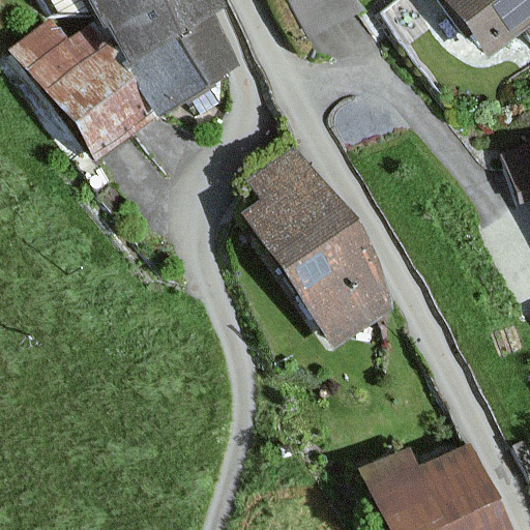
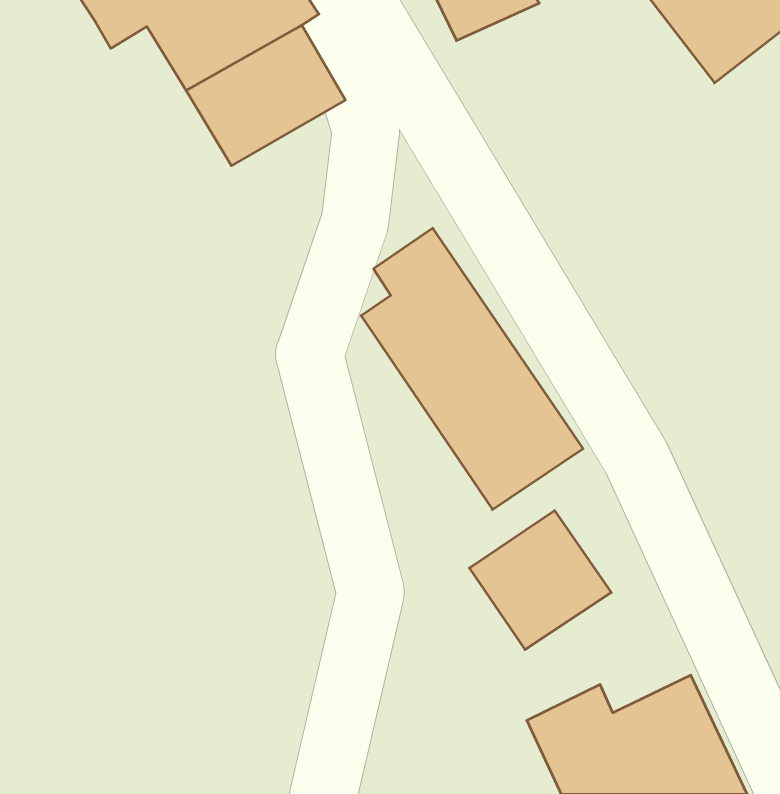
building: [31,14,166,151] -> none
building: none -> [469,511,611,650]

